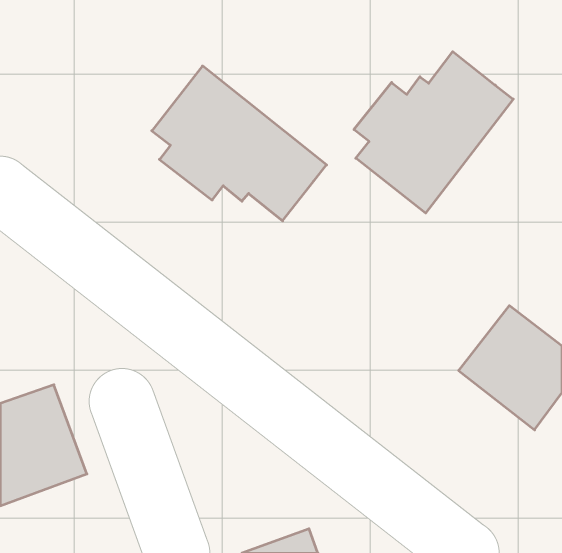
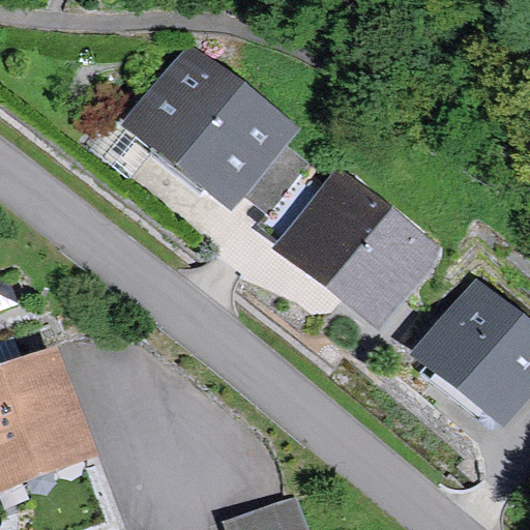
building: [354,52,513,213] -> none
building: none -> [261,171,426,307]

